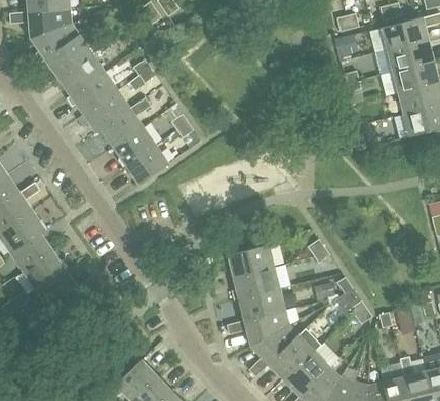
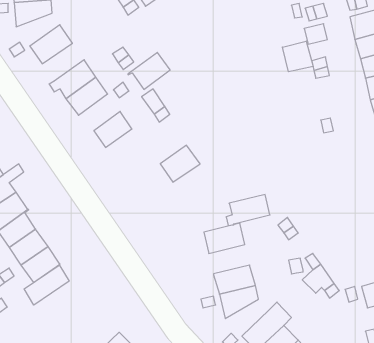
building: [31,23,77,57] -> none
building: none -> [282,41,313,72]
building: [58,54,103,94] -> none
building: [96,108,141,147] -> [128,52,170,89]
building: [125,145,167,184] -> [160,145,200,182]
building: [231,267,277,299] -> [226,195,270,226]
building: none -> [24,265,69,305]
building: [251,324,297,363] -> none

